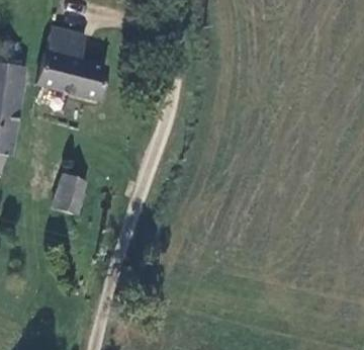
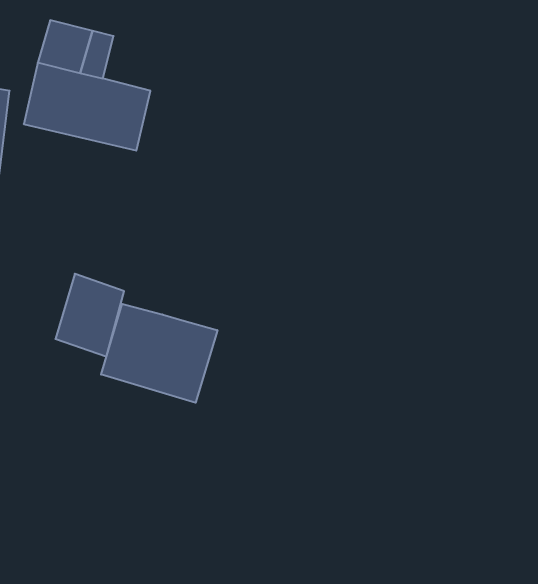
building: none -> [101,304,217,403]

